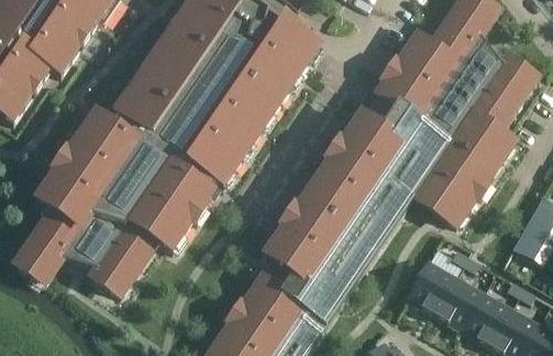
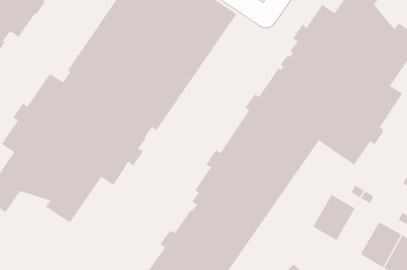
building: [434,274,484,327] -> none

